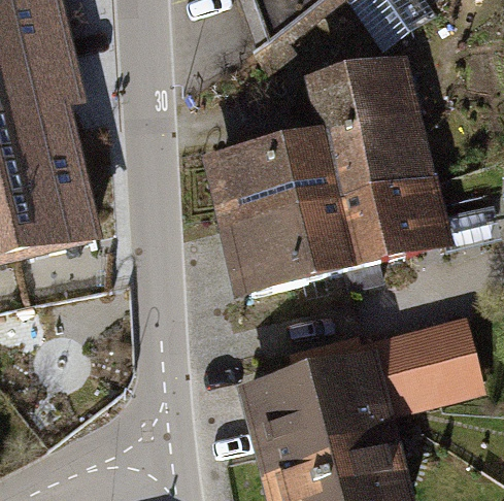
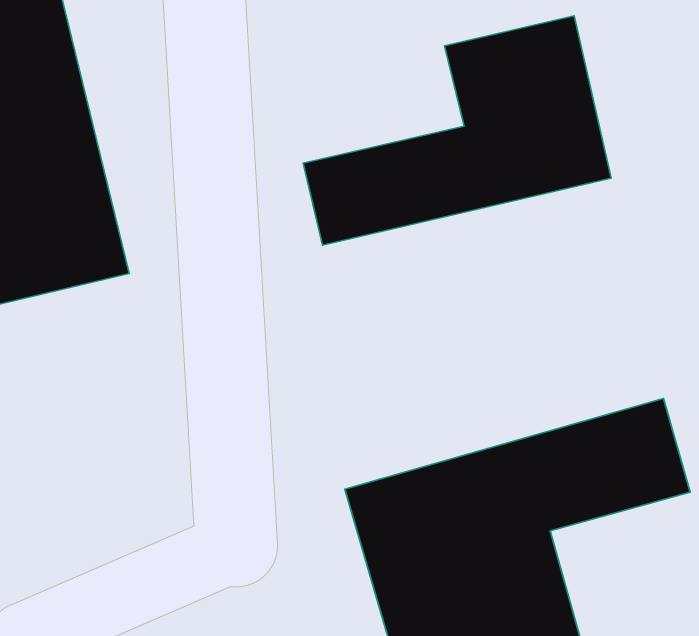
building: [230,166,447,288] -> none

